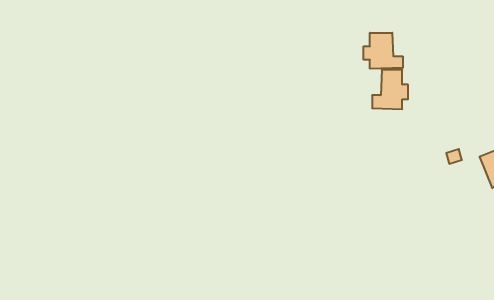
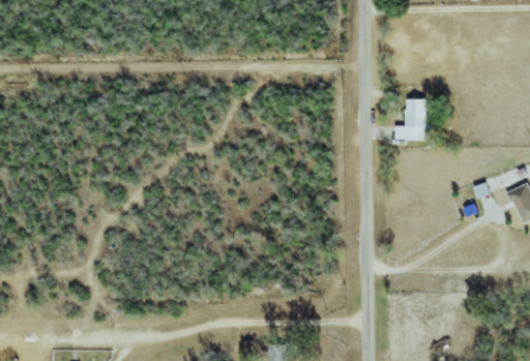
building: [364,33,403,69] -> none

